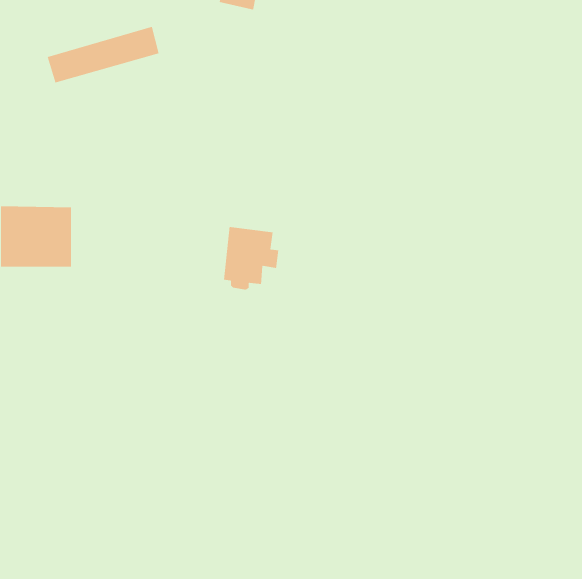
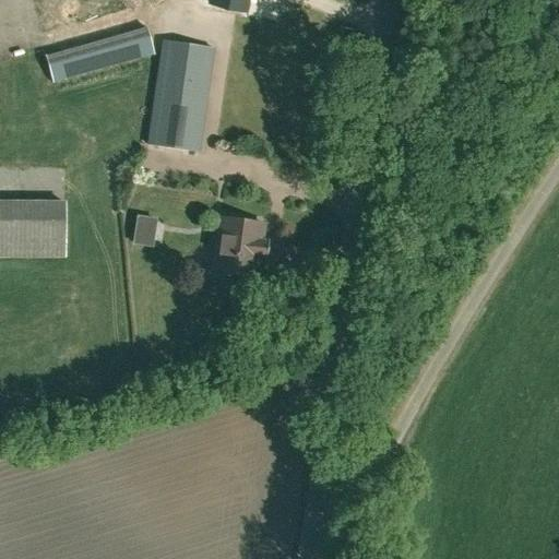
building: none -> [147,40,212,150]
building: none -> [133,213,158,245]

